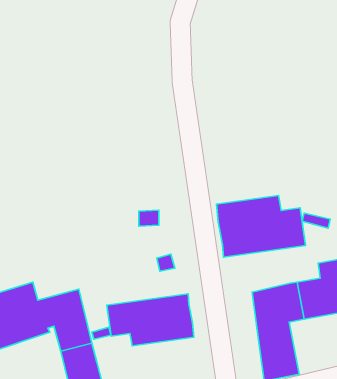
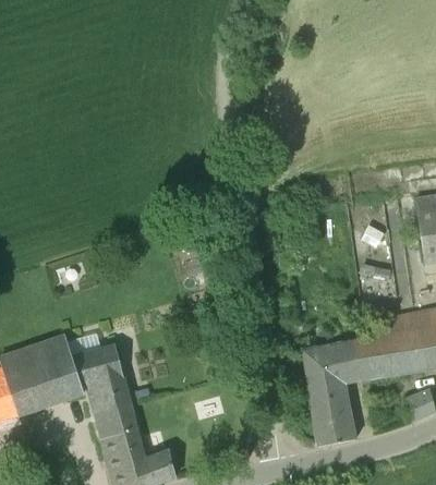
building: [216,196,305,257] -> none
building: [107,294,194,346] -> none

